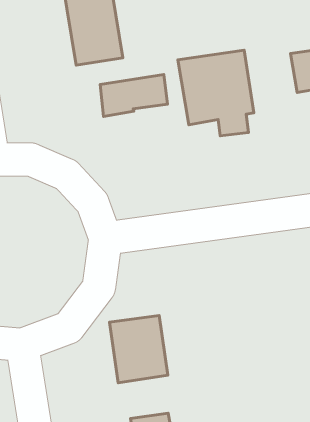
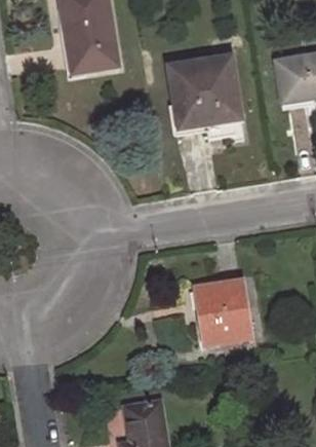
building: [100,74,167,117] -> none
building: [109,316,168,383] -> [195,278,250,342]

